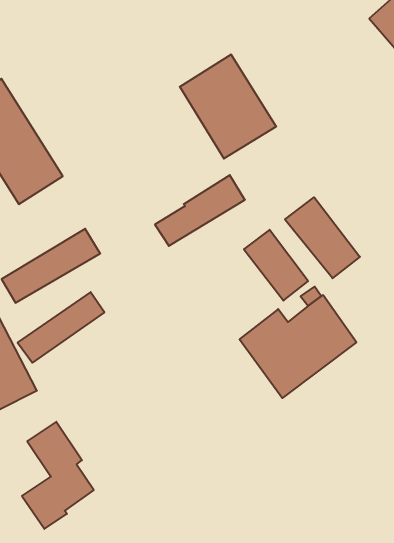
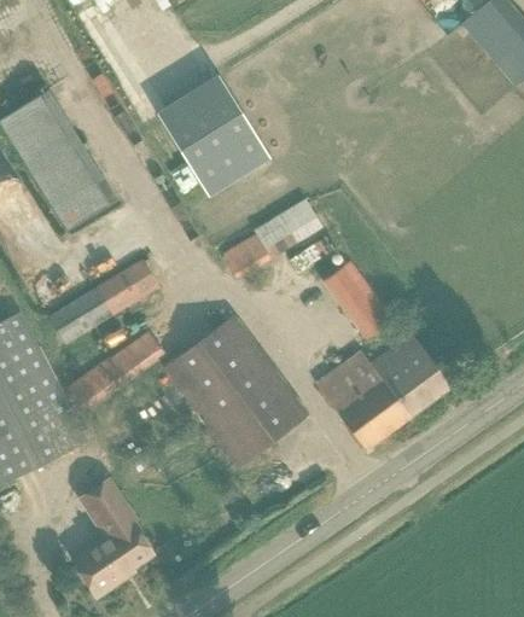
building: [180,55,276,159] -> [161,74,269,191]
building: [285,197,360,278] -> none
building: none -> [161,312,307,467]

